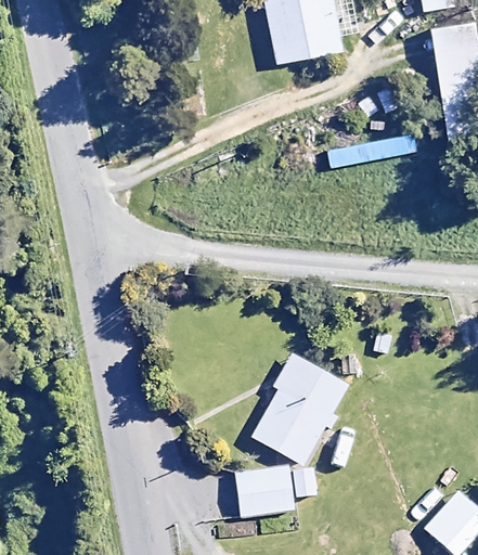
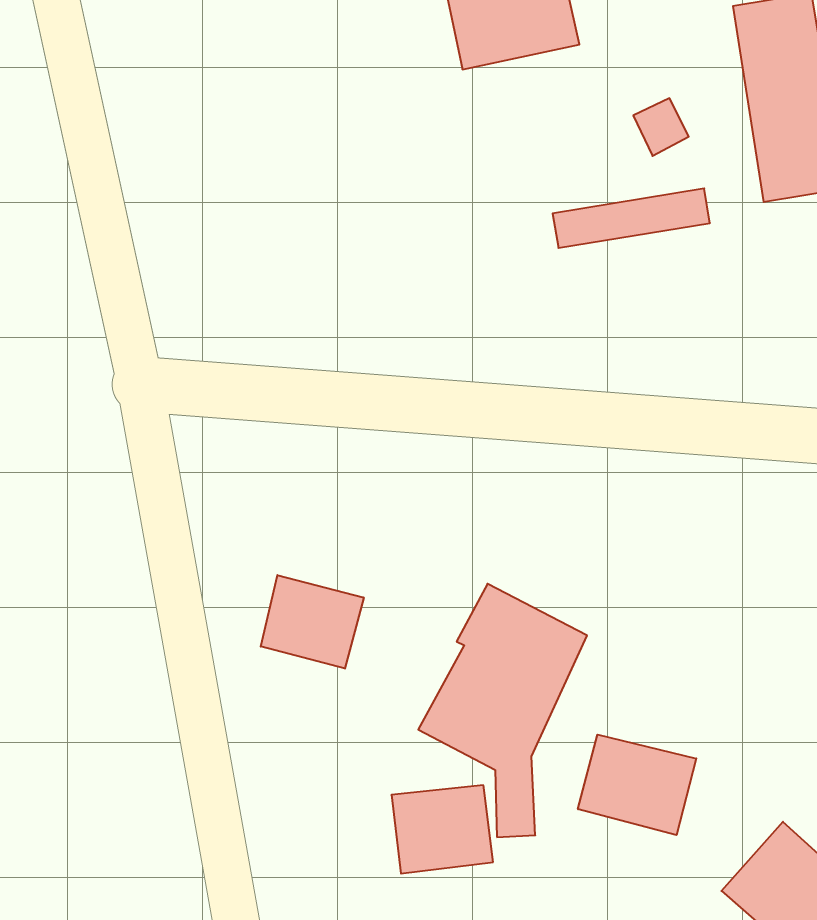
building: none -> [261,575,364,669]
building: none -> [578,735,696,835]

